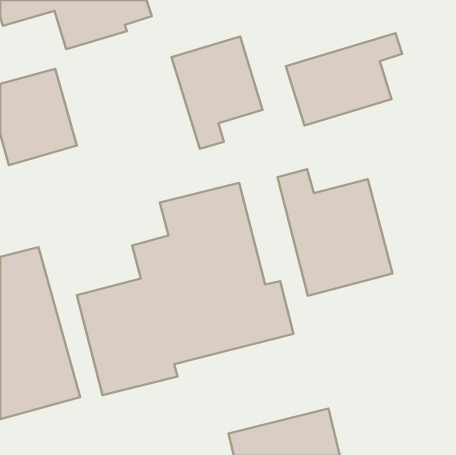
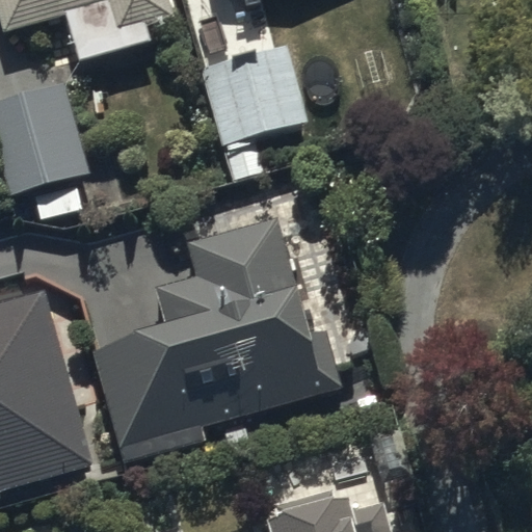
building: [286,33,402,126] -> none
building: [278,169,392,296] -> none

